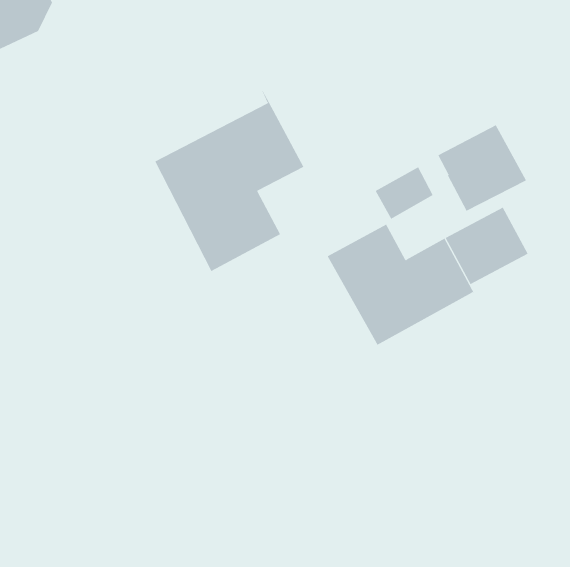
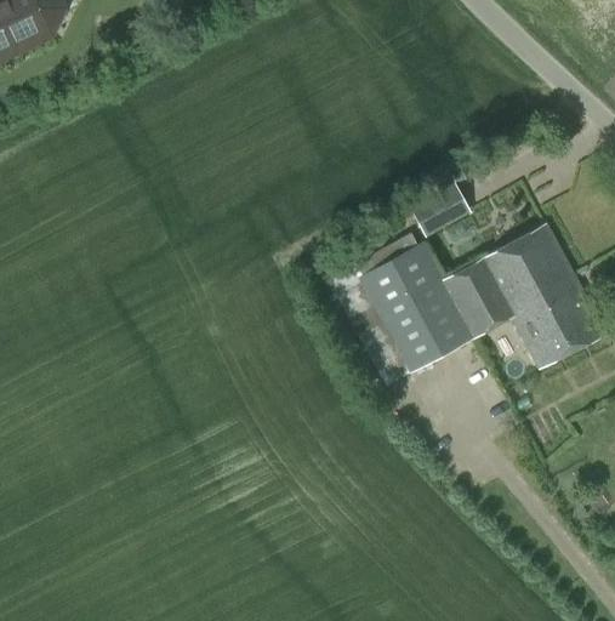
building: [155,87,304,272] -> none
building: [438,124,527,211] -> [508,275,603,368]

